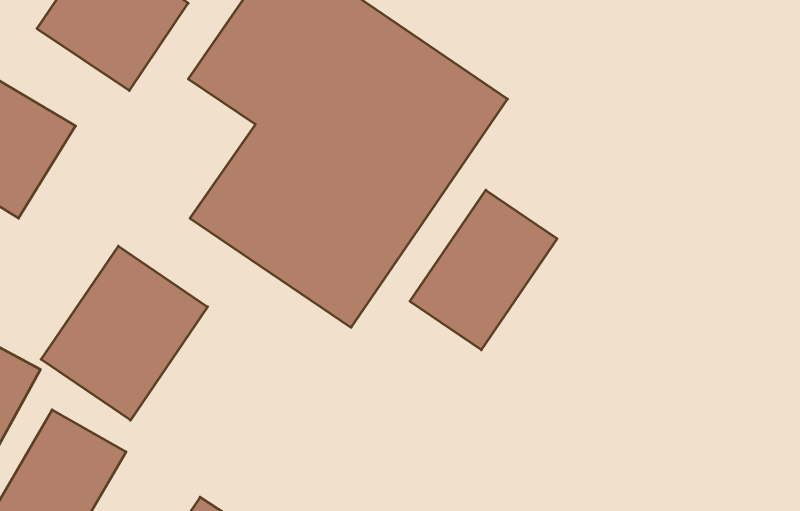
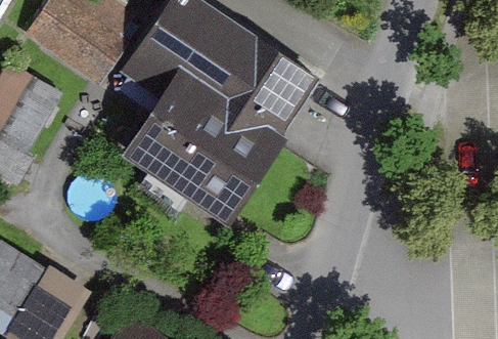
building: [410,190,557,350] -> none
building: [41,246,208,420] -> none

